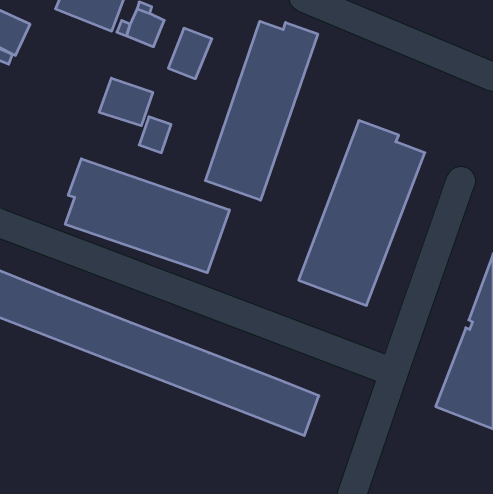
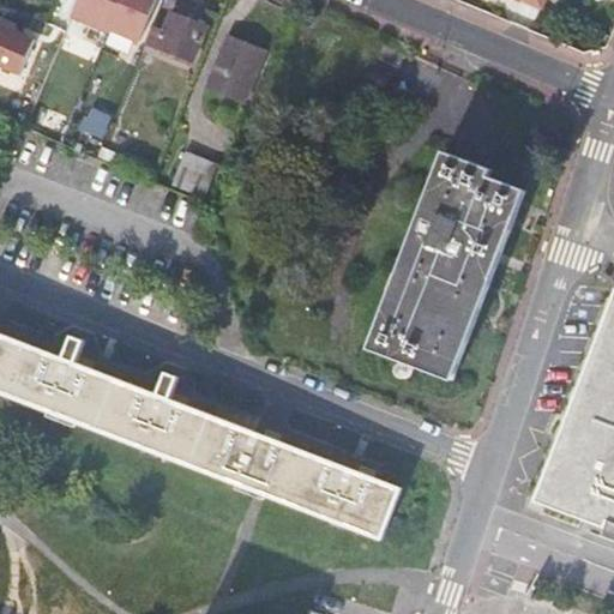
building: [205,21,318,200] -> none
building: [99,78,153,126] -> none
building: [65,159,229,273] -> none

